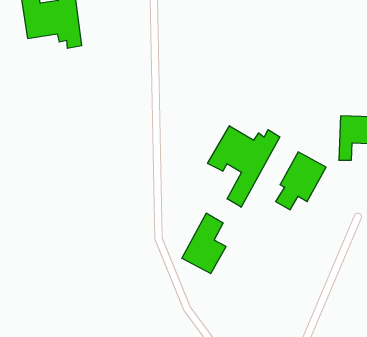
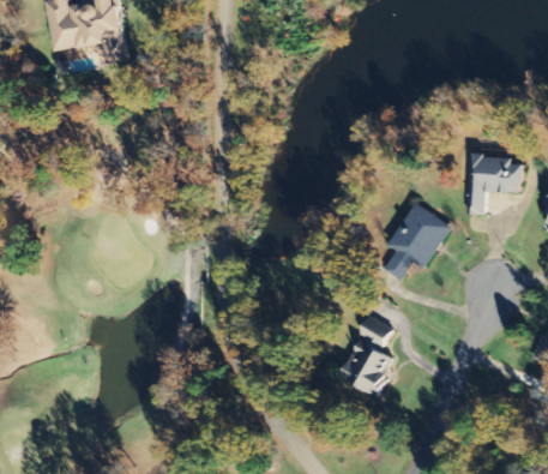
building: [208,126,280,207] -> none
building: [182,213,226,274] -> [337,316,396,396]

